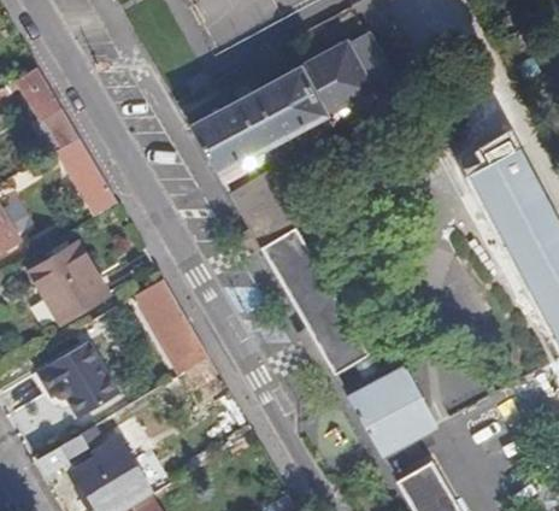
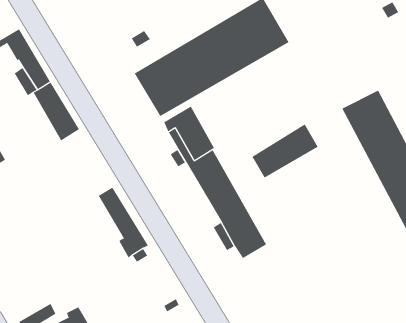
building: none -> [252,123,318,179]
building: [29,243,107,322] -> none
building: [36,341,118,417] -> none
building: [349,368,436,454] -> none

